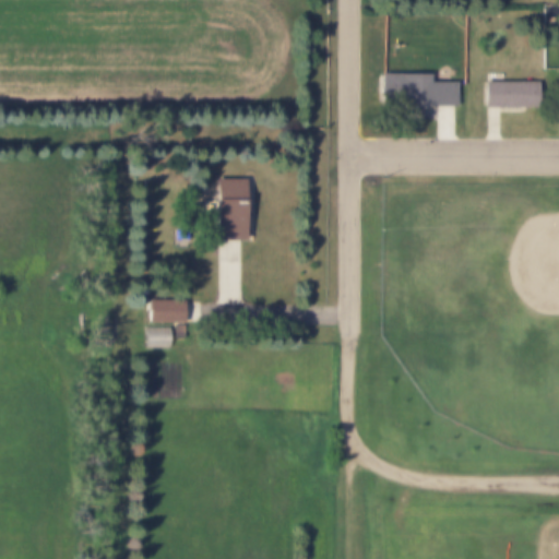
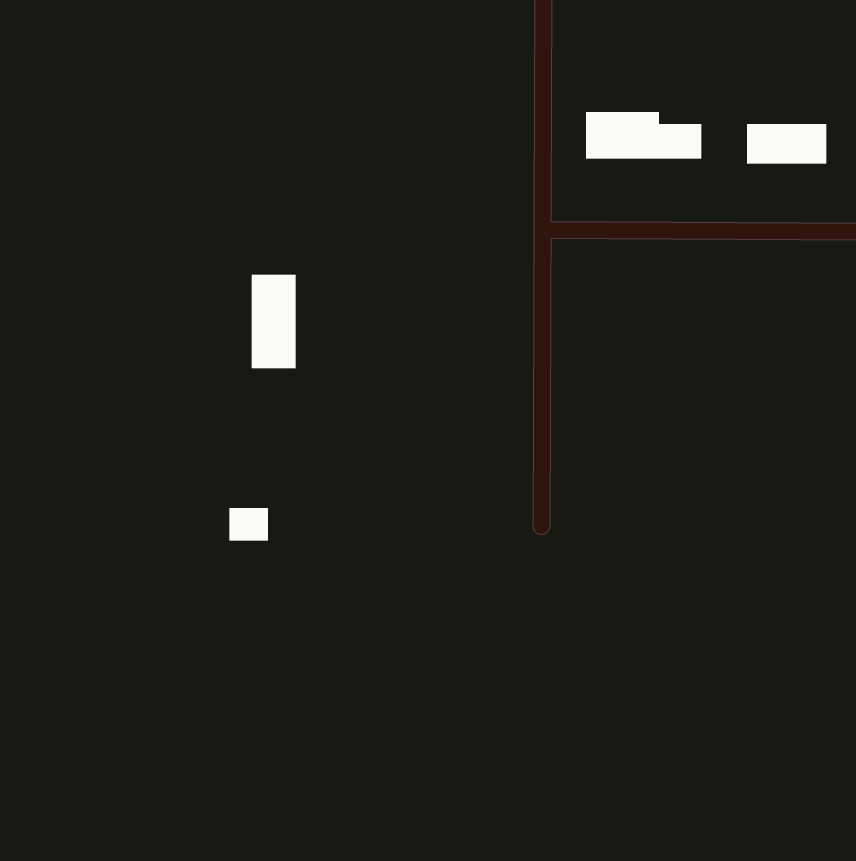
building: [222,179,251,240] -> [251,274,297,369]
building: [155,301,191,323] -> none

